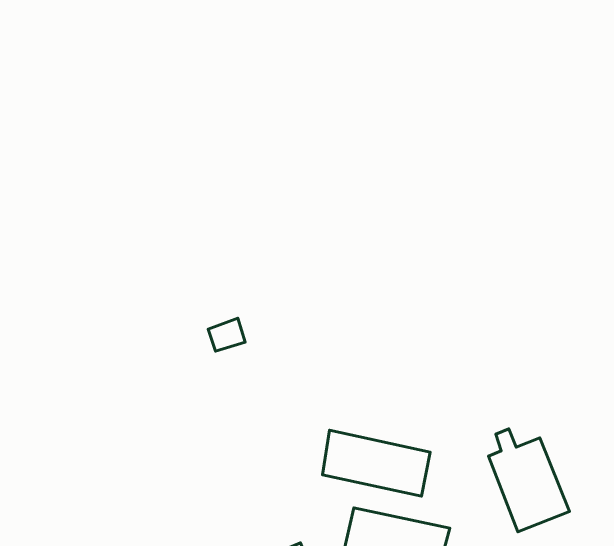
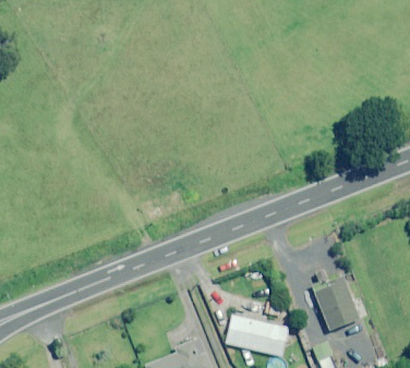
building: [322,430,430,496] -> none

